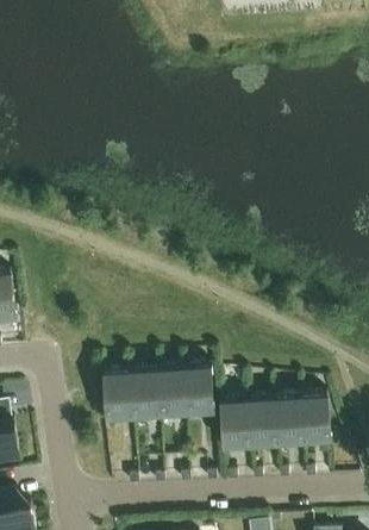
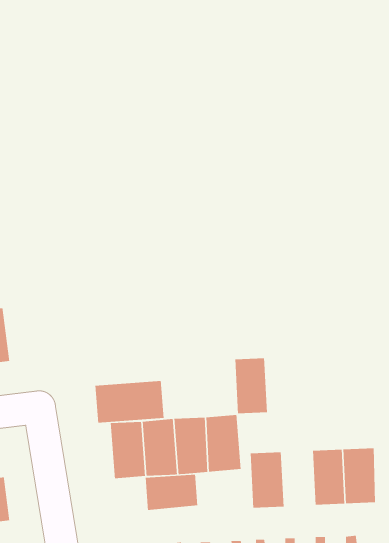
building: none -> [95,380,165,423]
building: [250,397,279,445] -> [234,357,268,414]
building: none -> [145,474,198,511]

